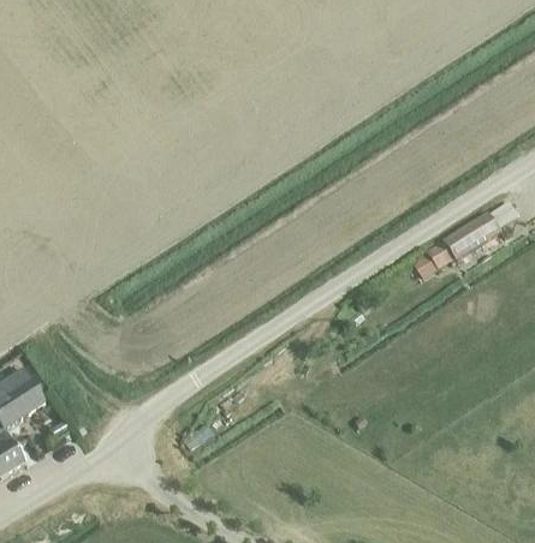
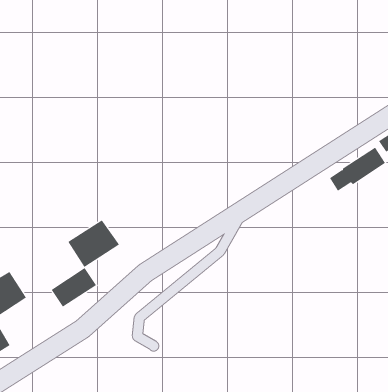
building: none -> [51,219,120,308]

